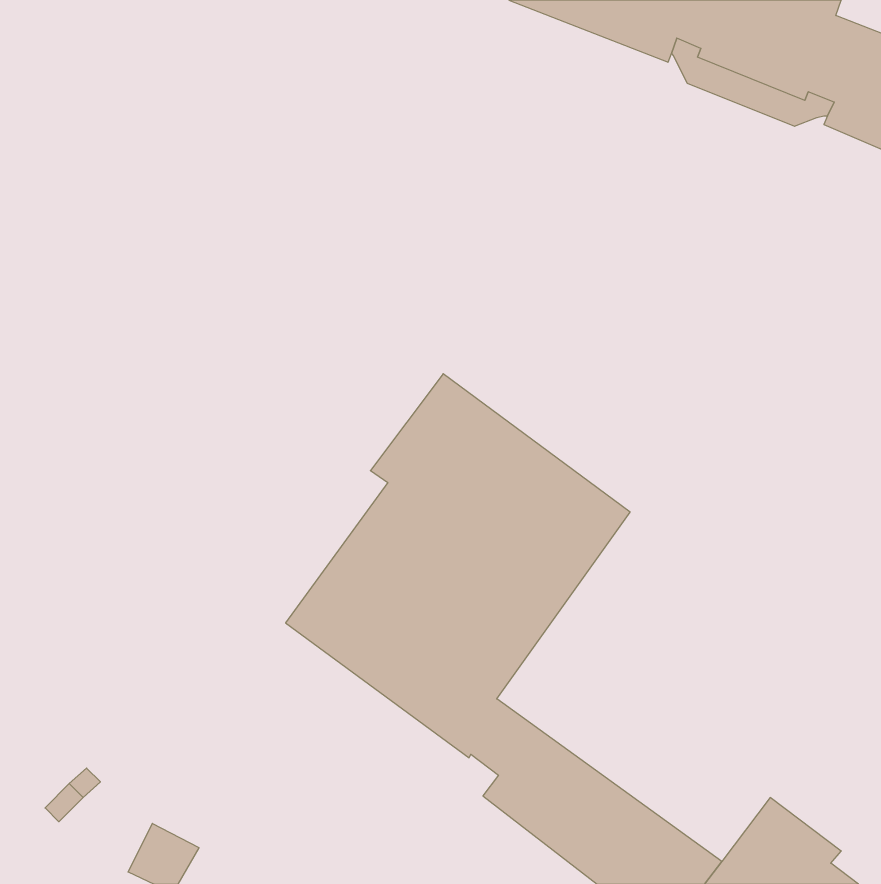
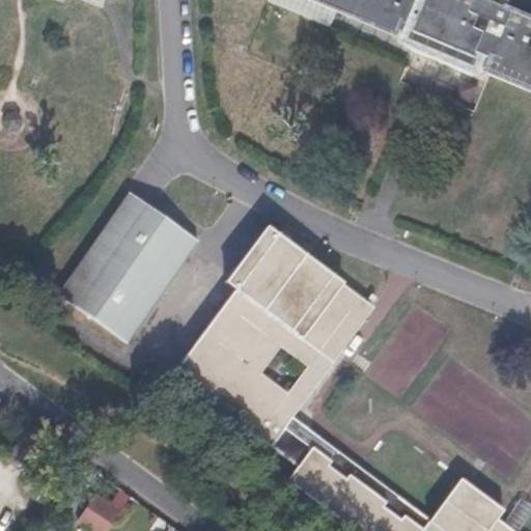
building: none -> [57,193,198,343]

